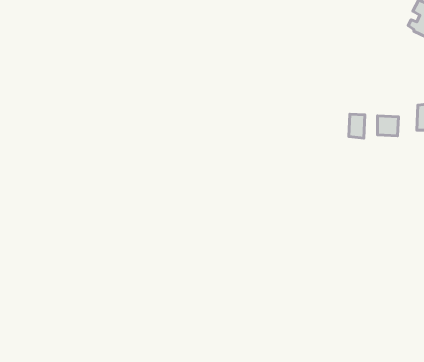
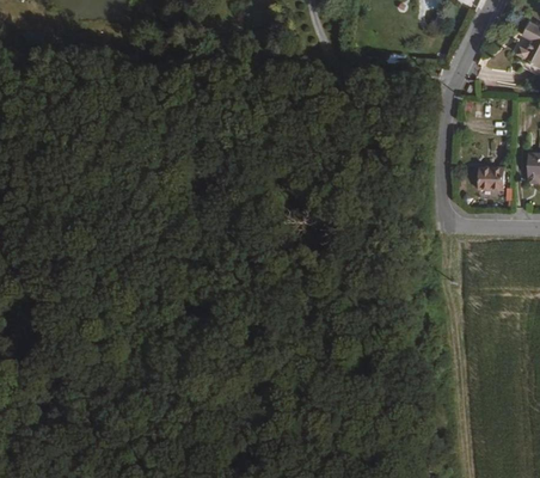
building: [349,114,365,138] -> none

